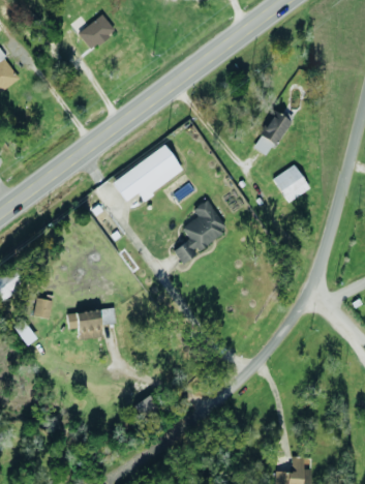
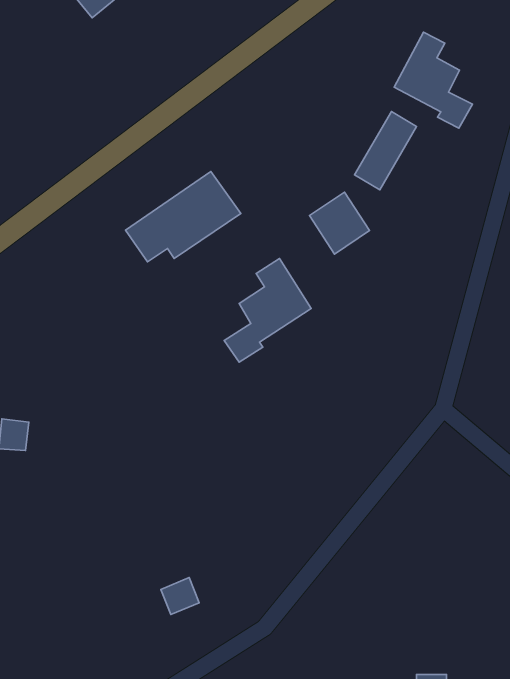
building: none -> [394,32,473,128]
building: [273,164,310,203] -> [309,192,370,254]
building: [67,308,116,340] -> none

